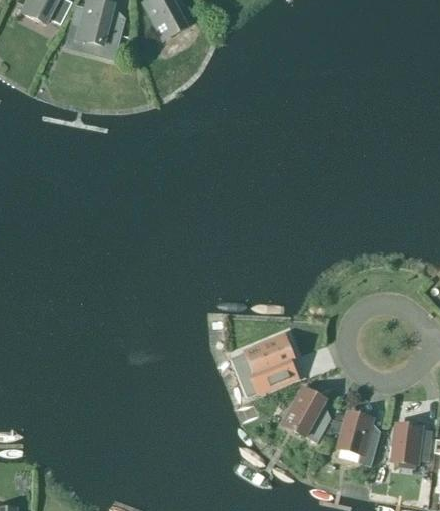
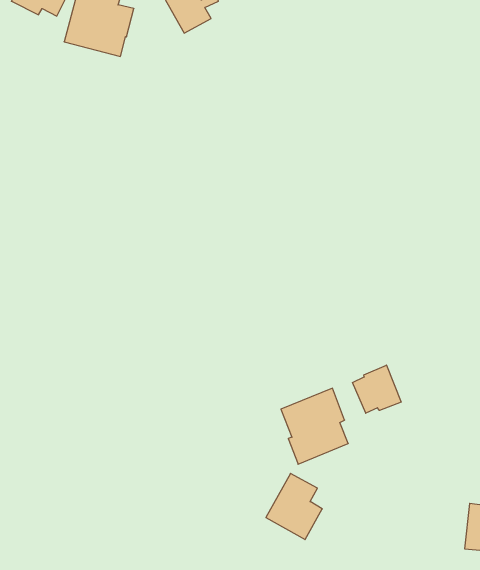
building: none -> [353,365,401,413]
building: [284,388,330,442] -> [266,473,322,540]
building: [339,411,380,464] -> none

